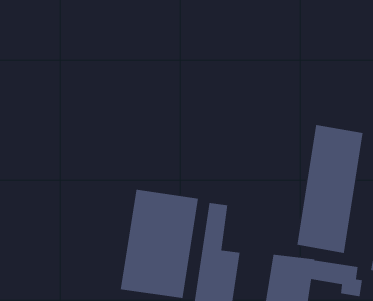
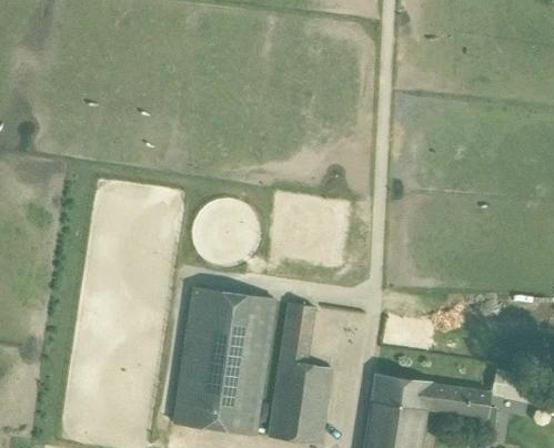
building: [296,124,363,254] -> none

